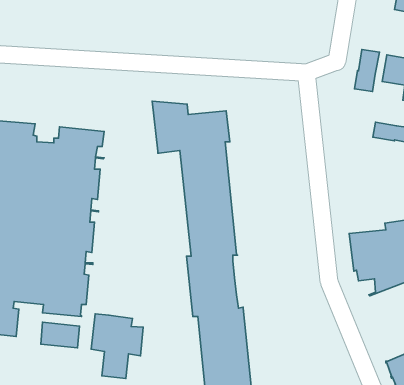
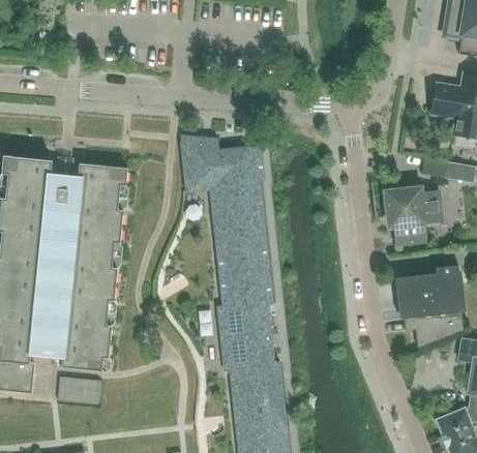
building: [355,49,379,92] -> none
building: none -> [385,188,443,245]
building: [91,314,143,378] -> none

